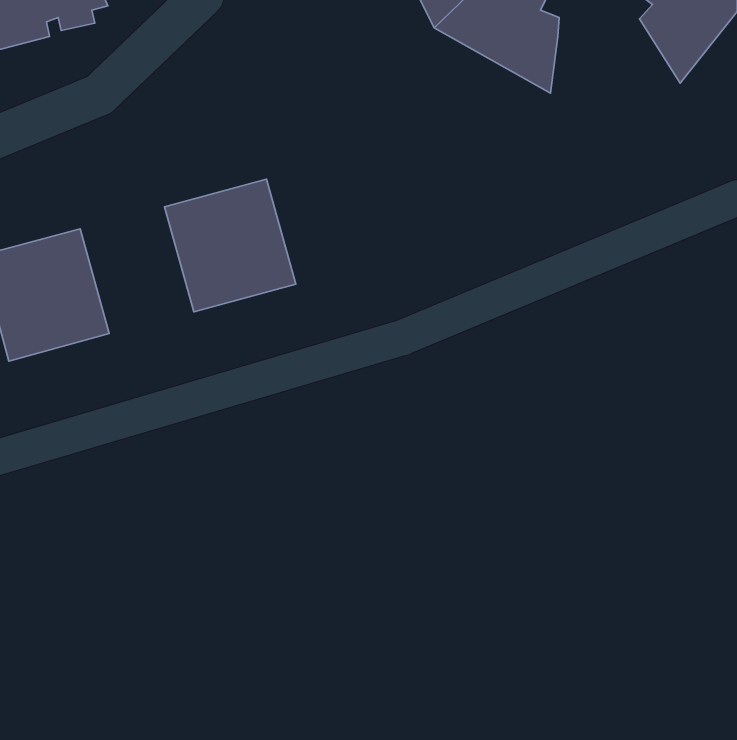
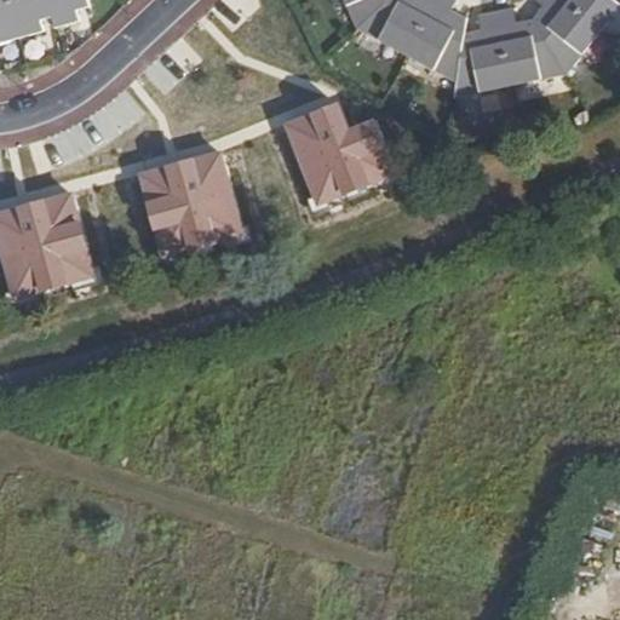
building: none -> [457,5,566,93]
building: none -> [281,101,395,206]

